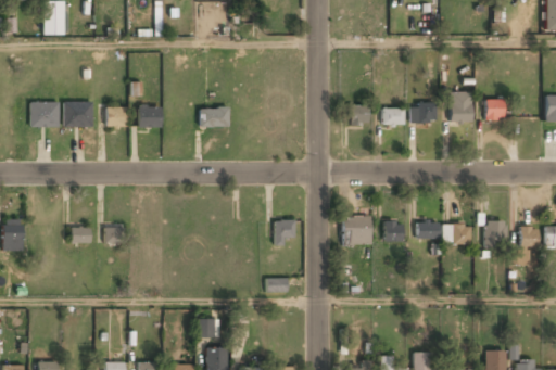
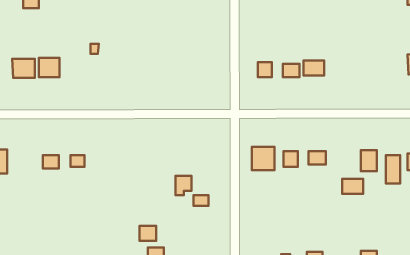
building: [451,92,473,123] -> none
building: [485,100,506,120] -> none
building: [108,106,128,127] -> none
building: [139,106,162,128] -> none
building: [200,109,229,128] -> none
building: [275,219,295,244] -> [176,176,191,195]
building: [444,225,471,244] -> [342,179,363,194]

